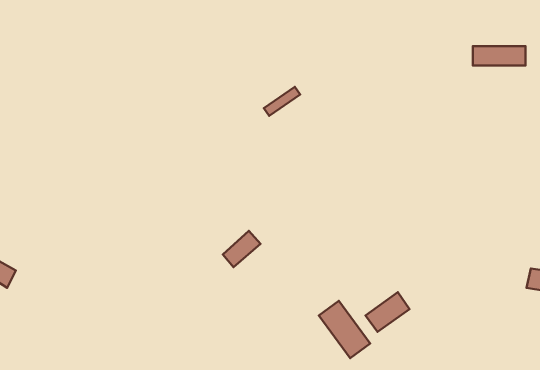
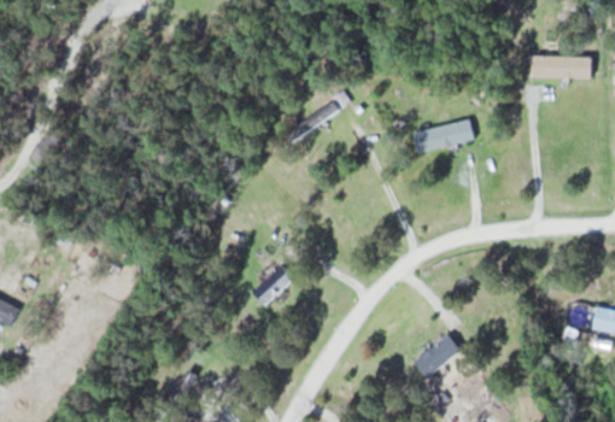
building: none -> [411,119,473,153]
building: [319,301,370,358] -> none

